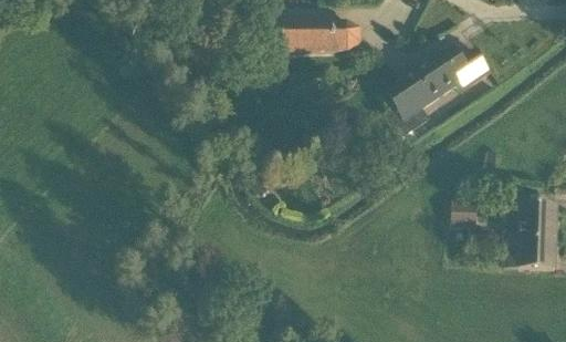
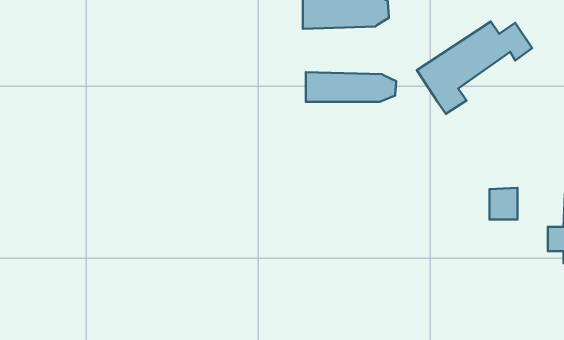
building: none -> [306,72,396,102]

